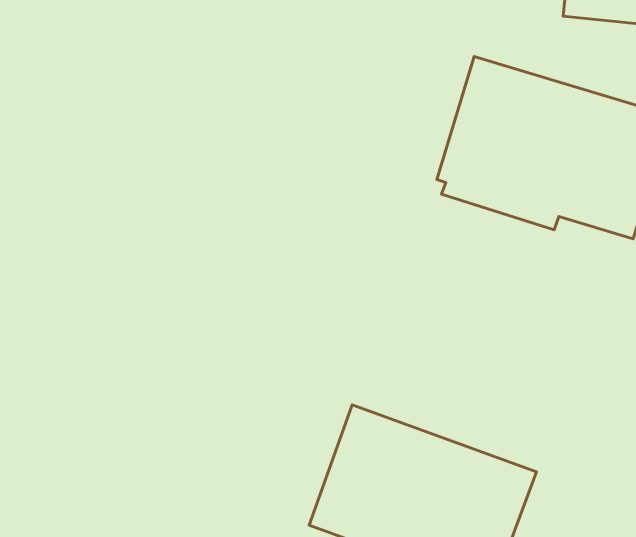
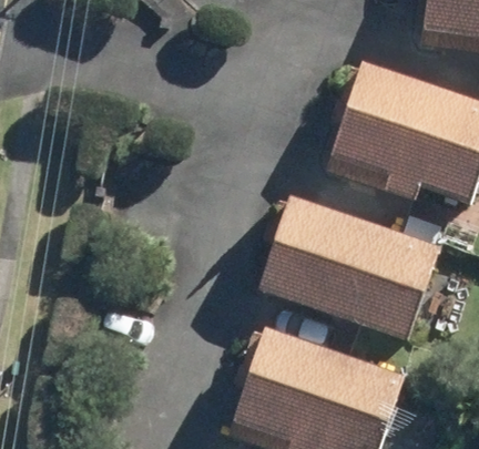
building: none -> [262,195,439,337]

